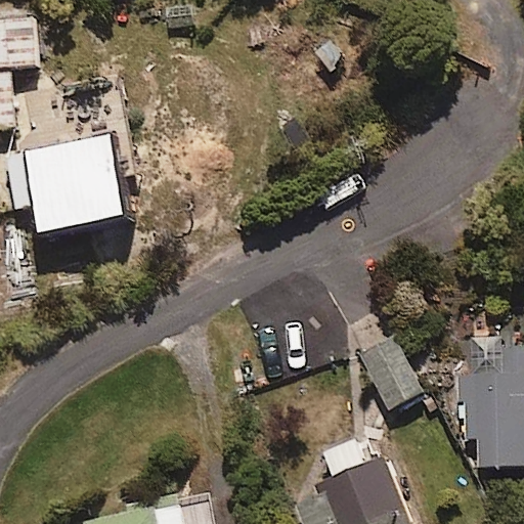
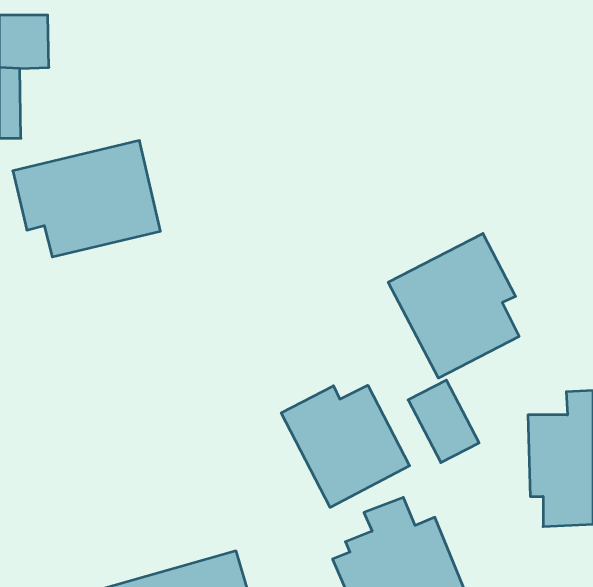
building: none -> [388,233,519,378]
building: none -> [281,385,410,507]

